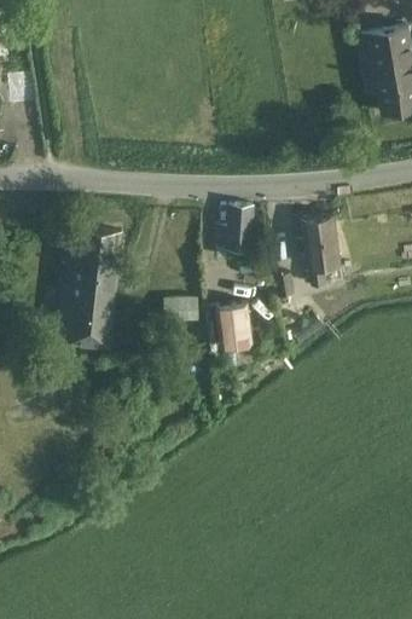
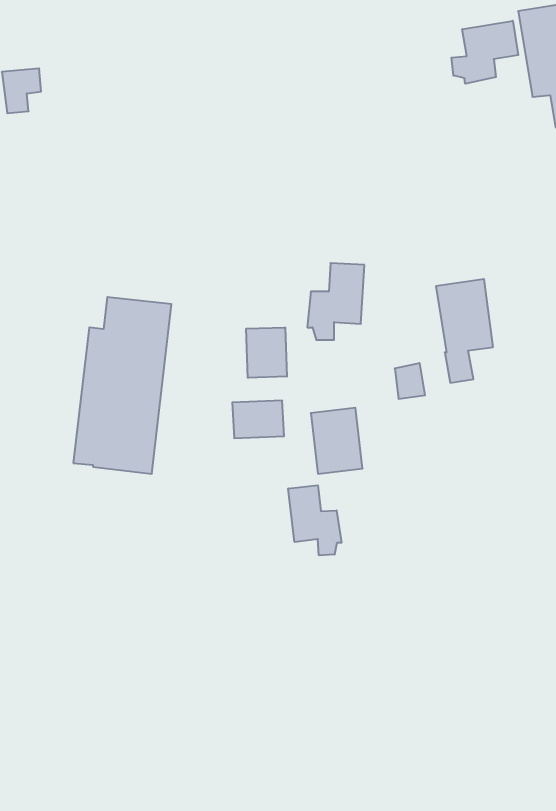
building: none -> [451,21,518,84]
building: none -> [246,327,287,378]
building: none -> [288,485,342,555]

